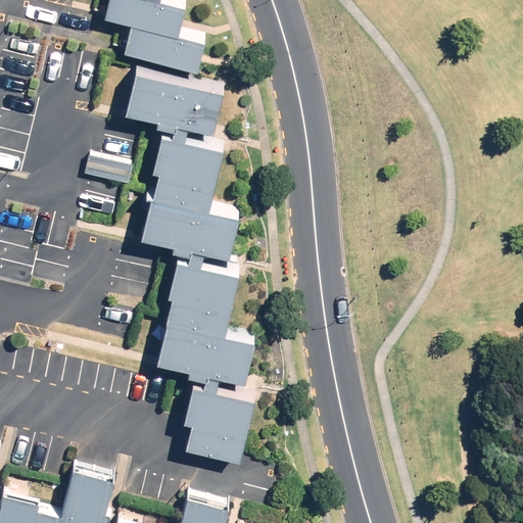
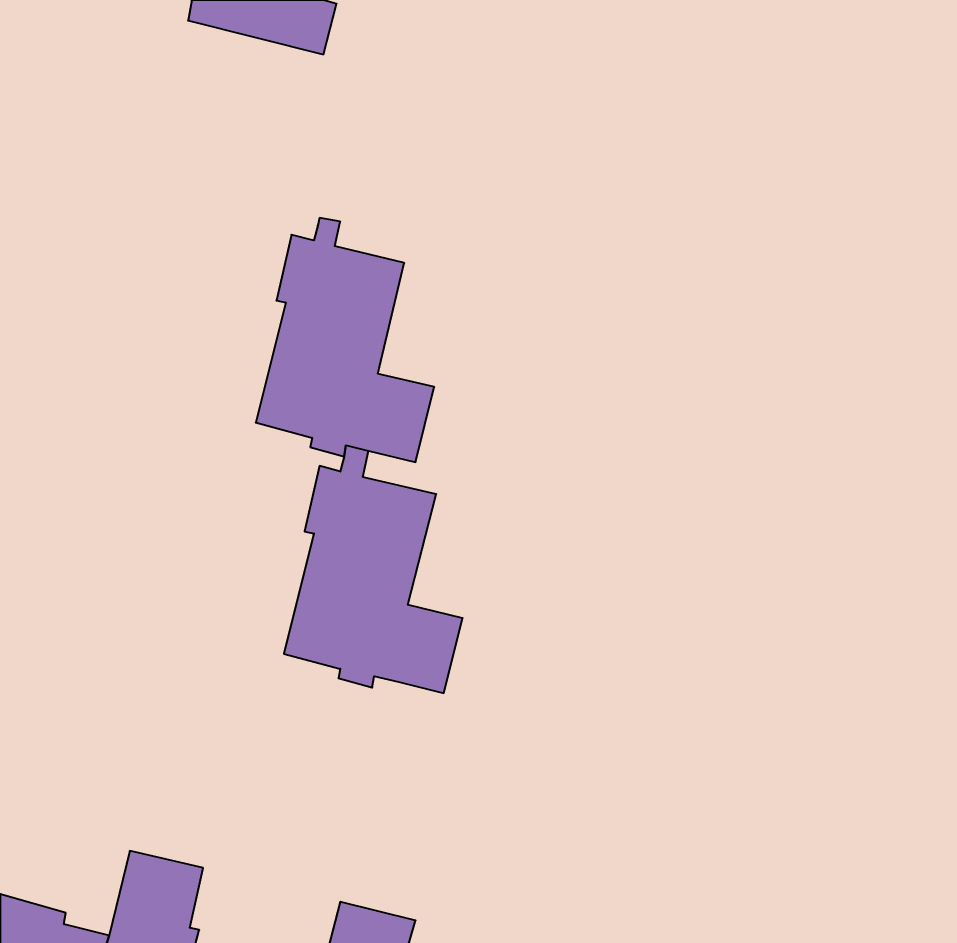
building: [125,28,204,75] -> none
building: [125,75,223,136] -> none
building: [183,377,254,464] -> none

